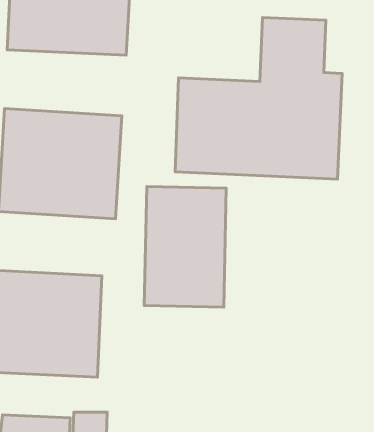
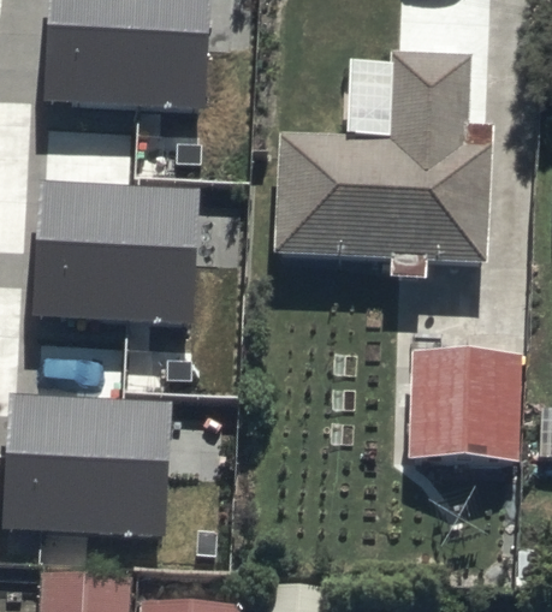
building: [144,186,226,307] -> none
building: none -> [405,363,520,473]

